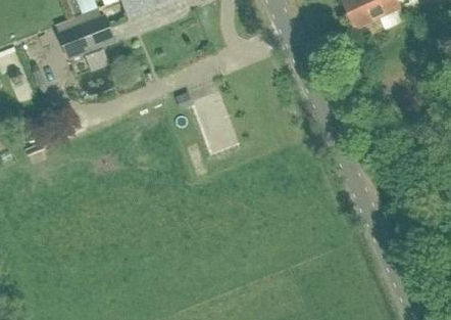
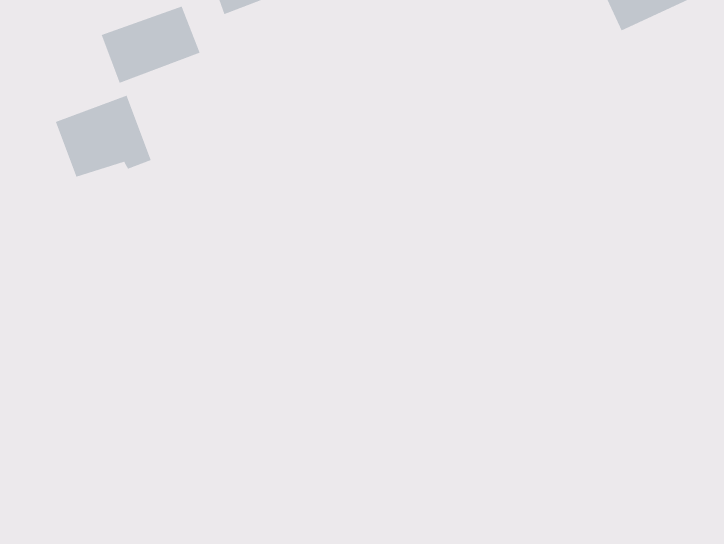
building: none -> [55,95,152,177]

